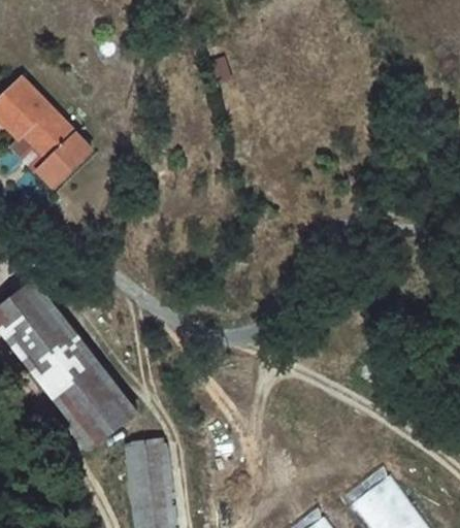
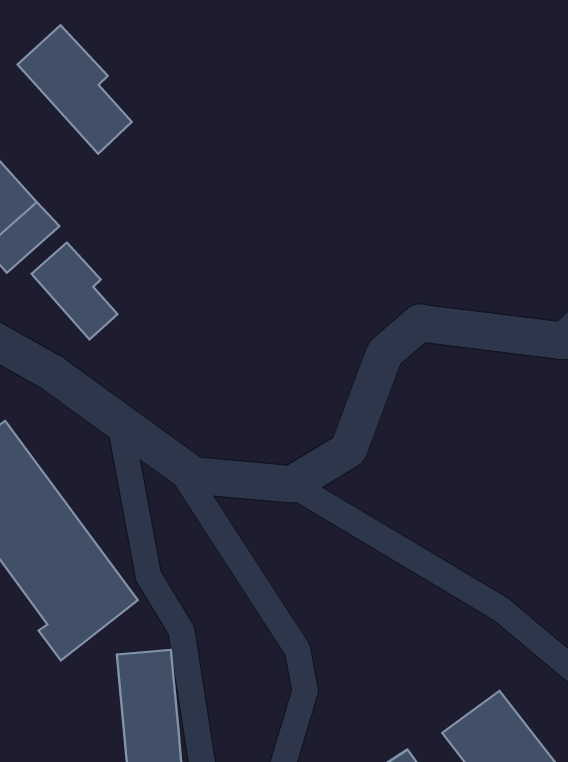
building: none -> [17,25,132,154]
building: none -> [31,242,117,340]

